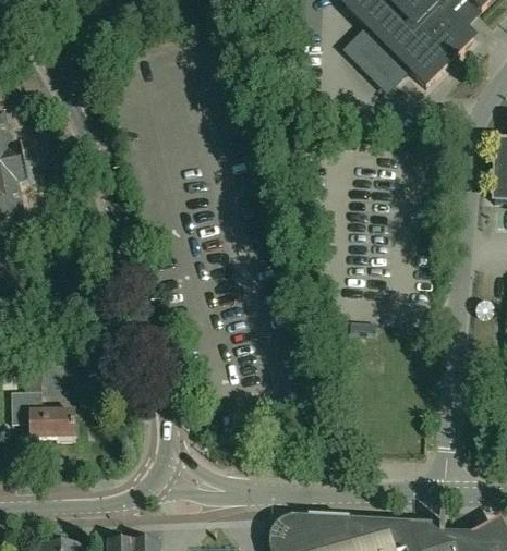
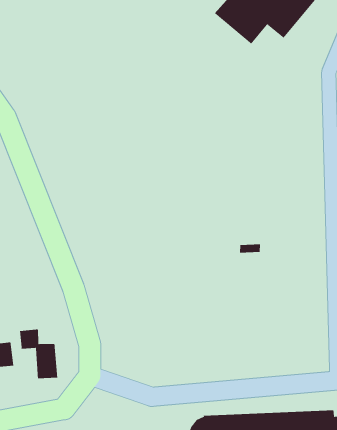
building: none -> [20,328,58,379]

